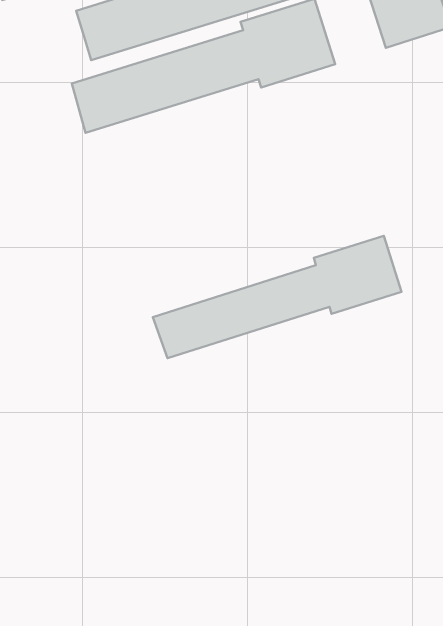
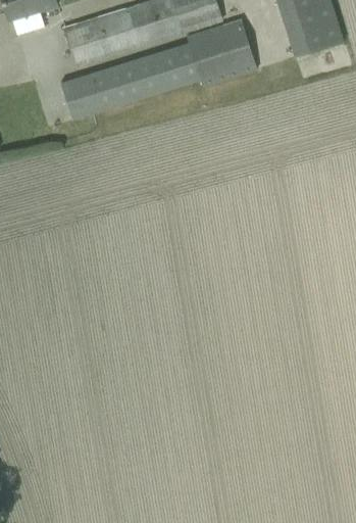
building: [153,236,402,358] -> none

